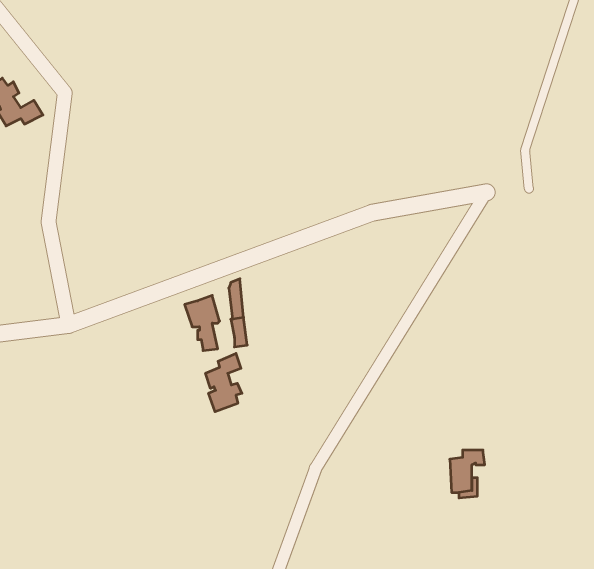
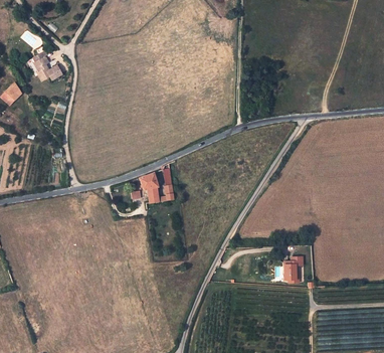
building: [206,353,242,412] -> none

